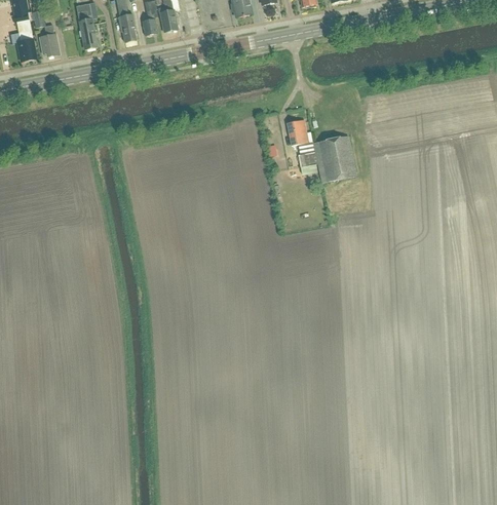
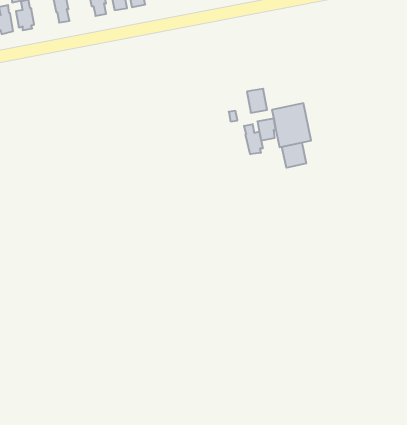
building: none -> [244,124,263,154]
building: none -> [282,143,306,168]

